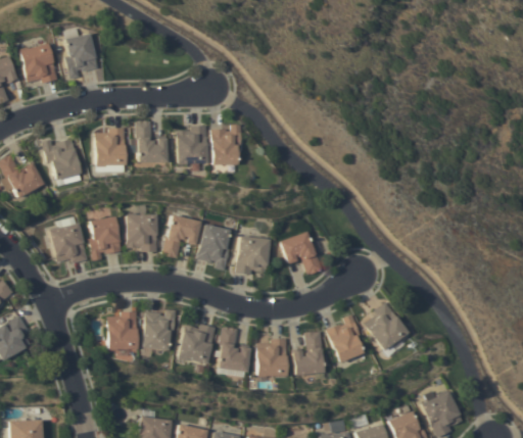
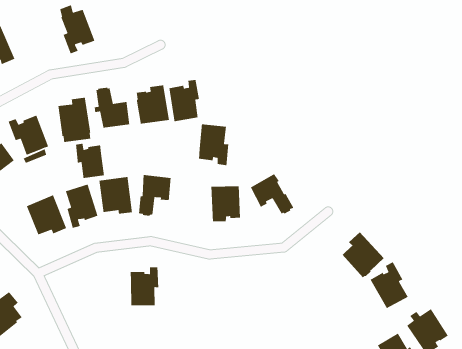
building: [65,28,98,79] -> [59,4,96,54]
building: none -> [75,143,105,179]
building: [197,224,231,271] -> [198,124,229,166]
building: [107,311,137,349] -> none
building: [326,314,364,362] -> [370,261,409,309]
building: [178,324,216,363] -> none
building: [218,327,250,372] -> none
building: [292,331,324,376] -> none
building: [255,339,287,377] -> none

